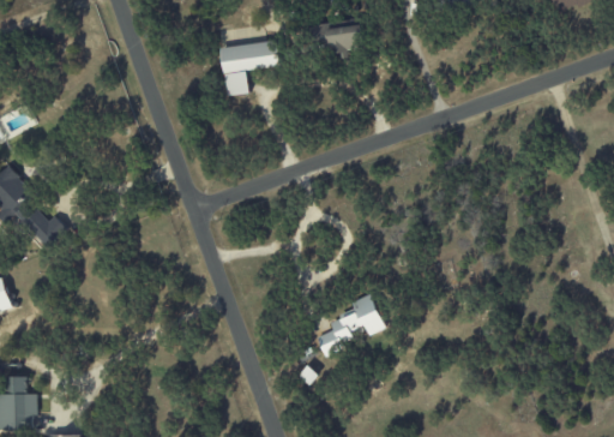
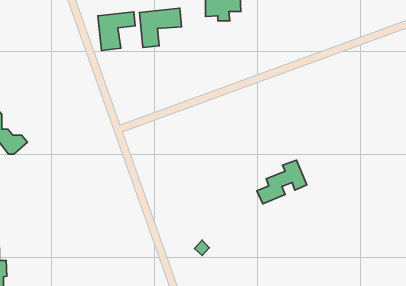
building: none -> [98,12,135,51]
building: [315,293,385,354] -> [257,160,307,204]

